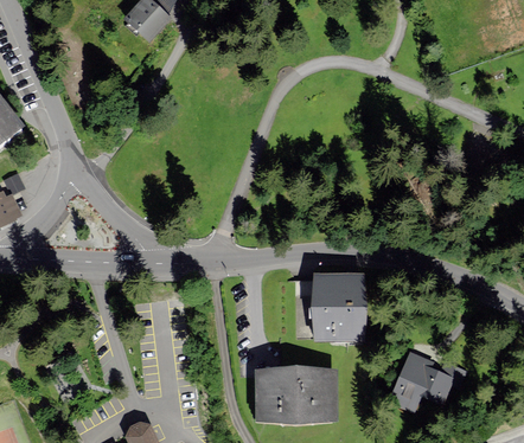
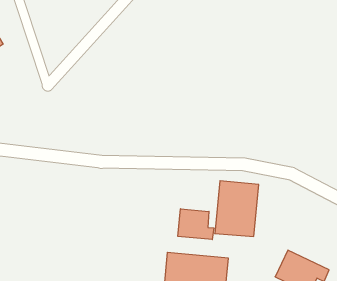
building: none -> [178,209,214,240]

